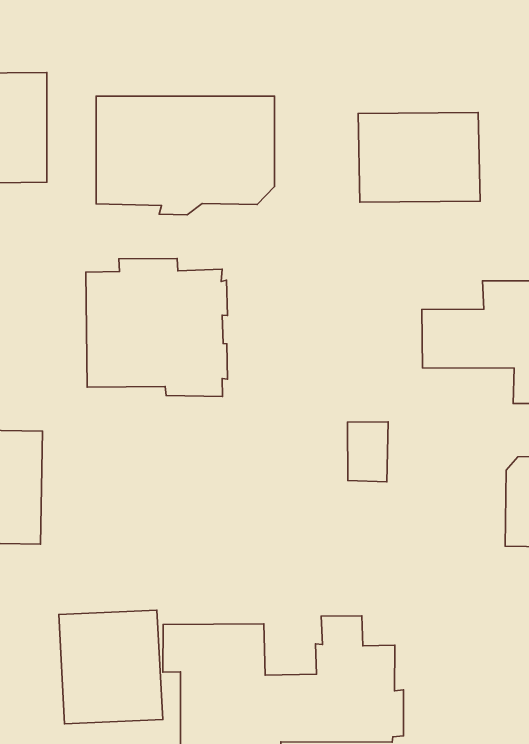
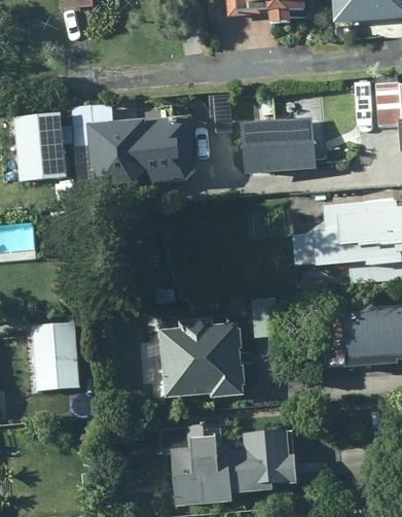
building: [86,258,228,396] -> [158,318,246,399]
building: [59,610,163,724] -> none

